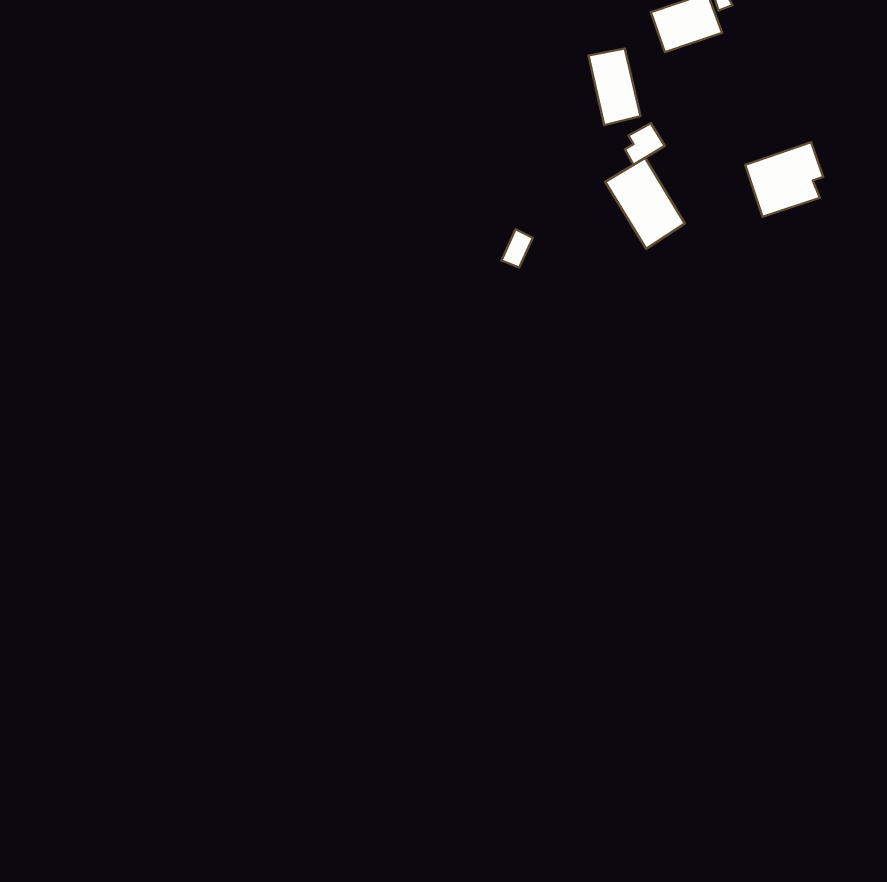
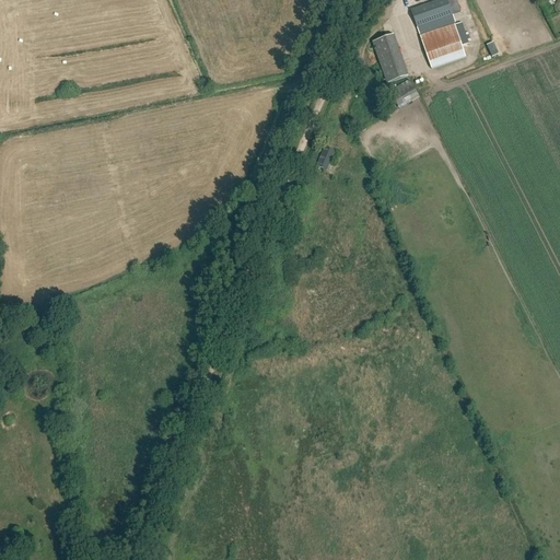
building: [745,142,823,217] -> [420,20,469,67]
building: [605,158,685,249] -> none

